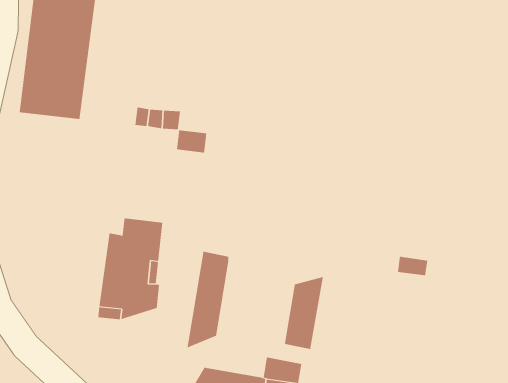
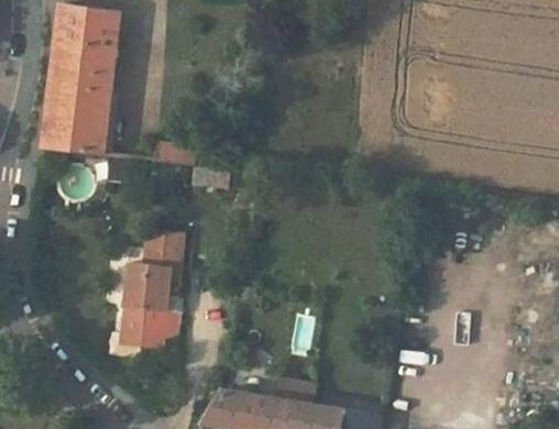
building: [187,251,229,348] -> none
building: [285,276,323,350] -> none

